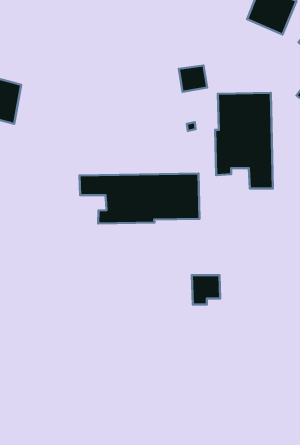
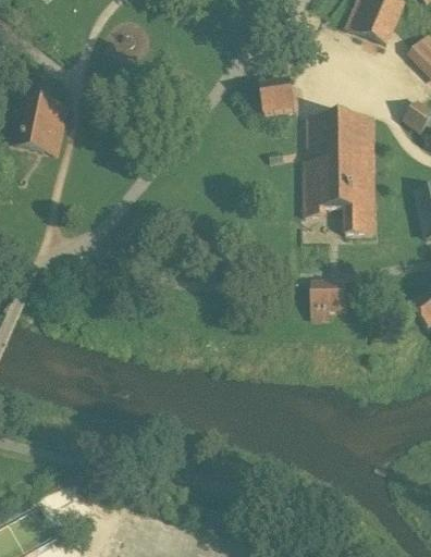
building: [79,173,199,223] -> none
building: [192,275,220,305] -> [310,280,345,315]

